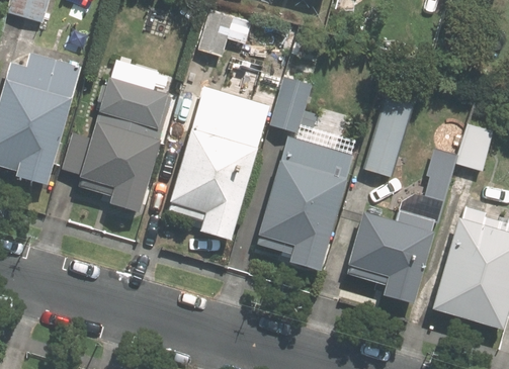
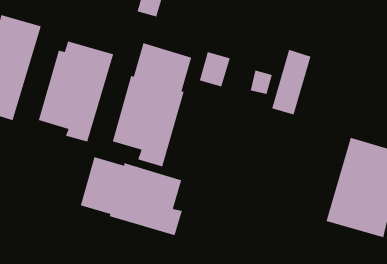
building: [348,121,494,303] -> none
building: [256,157,348,270] -> none
building: none -> [80,156,183,236]

